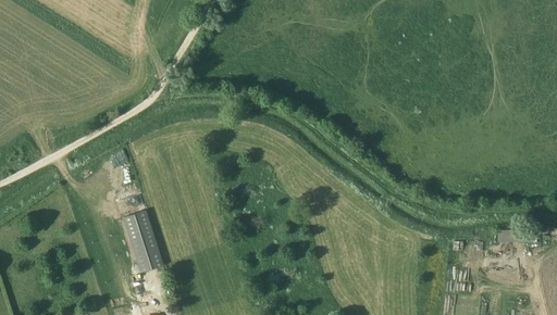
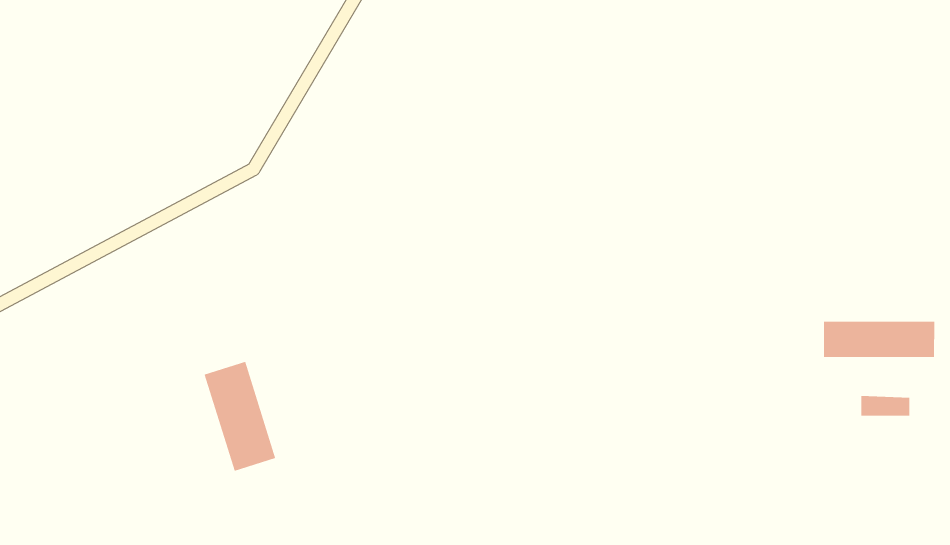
building: none -> [823,321,935,358]

